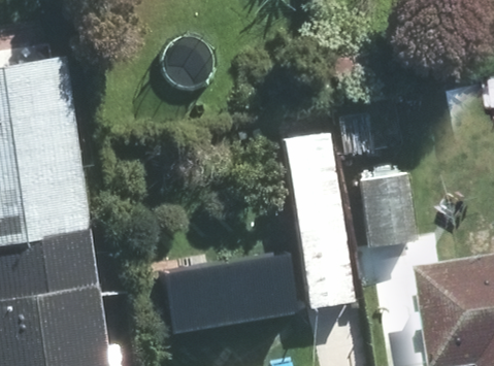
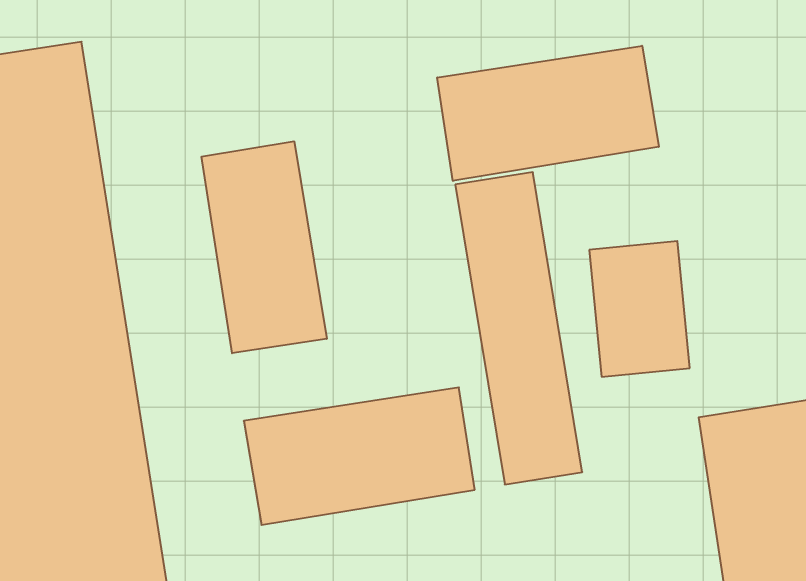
building: none -> [437,46,659,181]
building: none -> [202,141,327,353]

